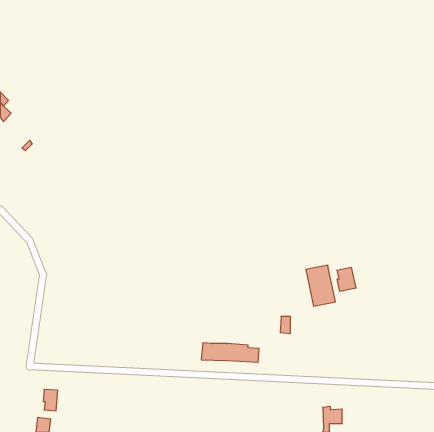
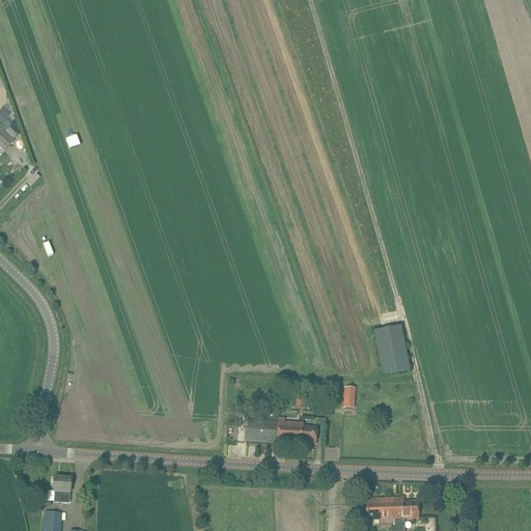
building: [337,267,356,291] -> none
building: none -> [366,497,395,522]

